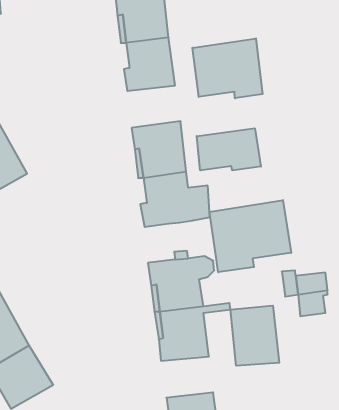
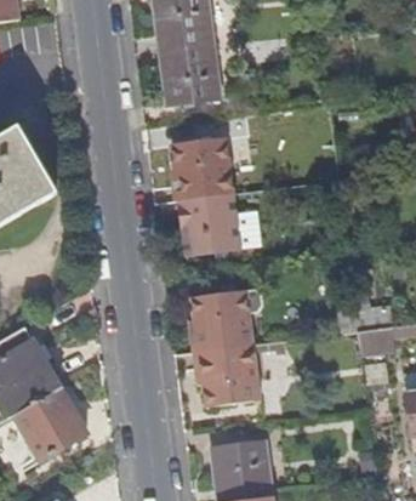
building: [192,38,263,98] -> none
building: [197,128,261,170] -> none
building: [210,200,291,272] -> none
building: [231,306,279,366] -> none

